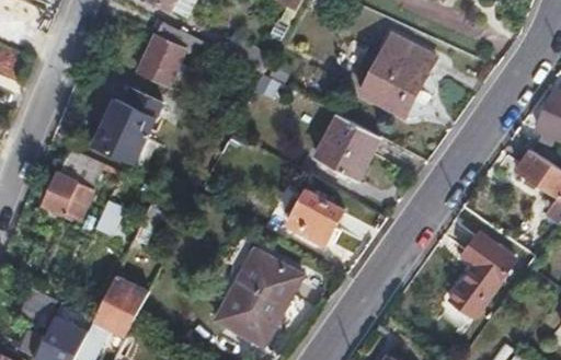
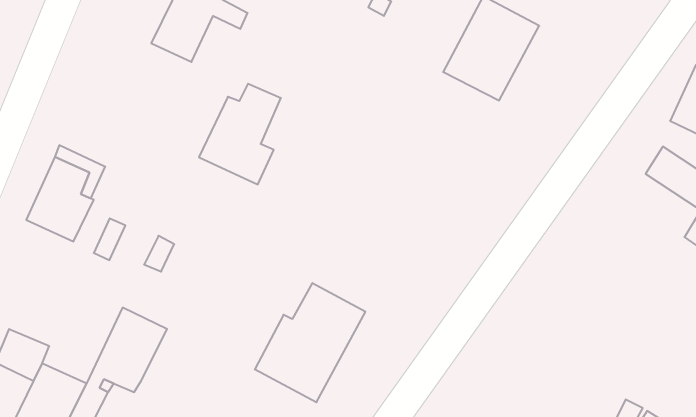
building: [90,88,152,164] -> [199,84,281,184]
building: [316,115,379,178] -> none
building: [288,191,341,243] -> none
building: [448,232,513,316] -> none

